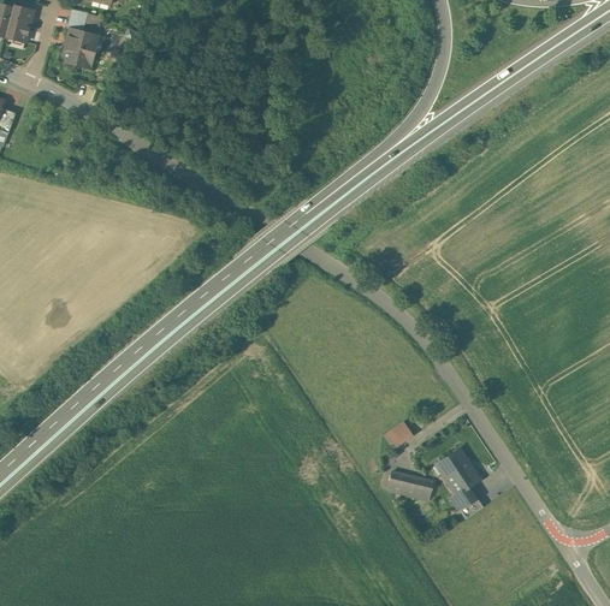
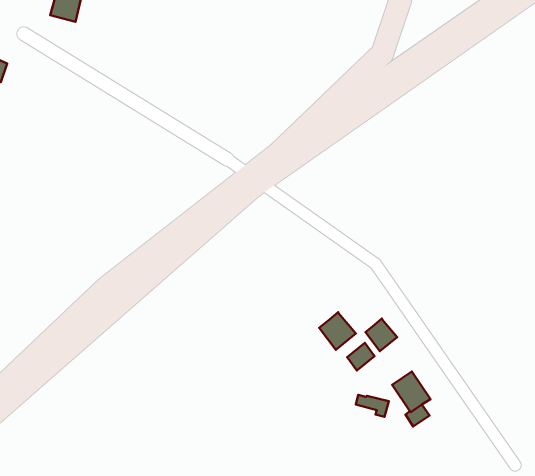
building: none -> [319,312,356,350]
building: none -> [365,319,397,351]

